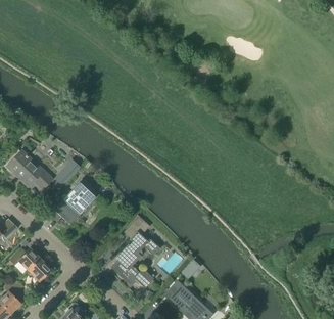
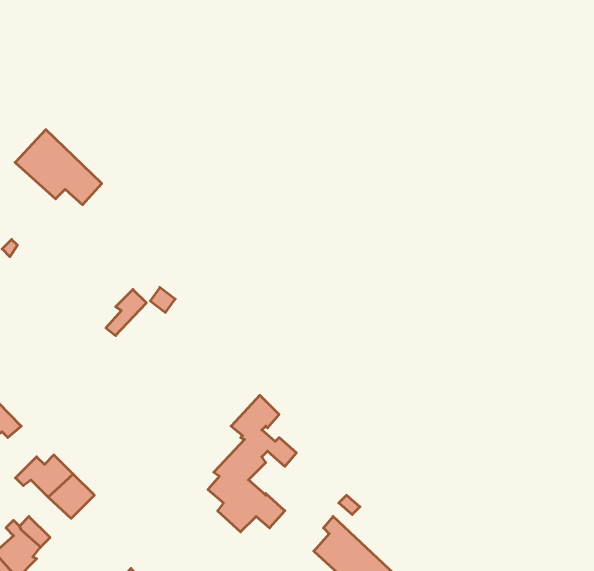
building: [6,150,52,190] -> [15,130,102,205]
building: [53,179,100,225] -> none

